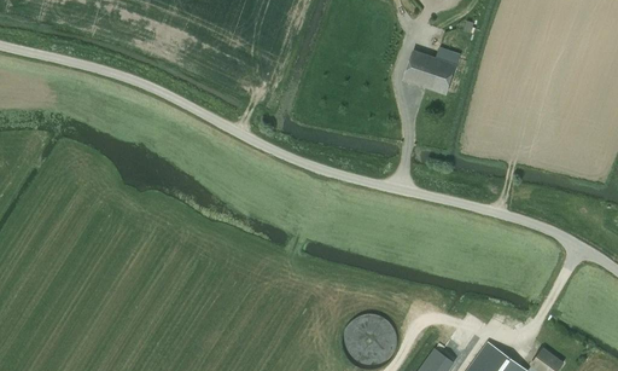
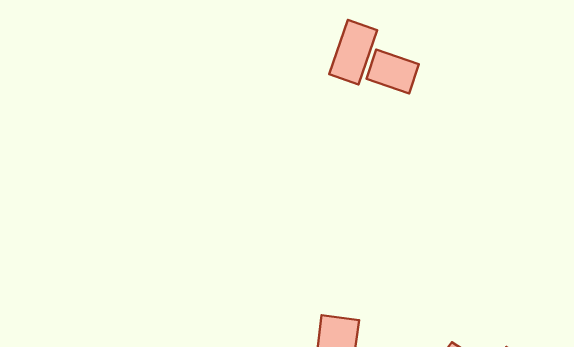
building: none -> [329,20,377,85]

